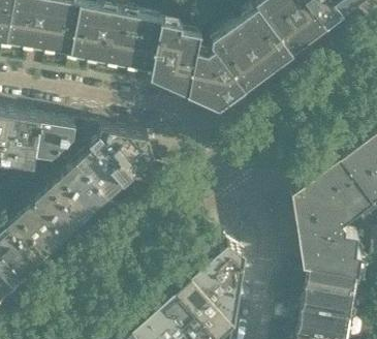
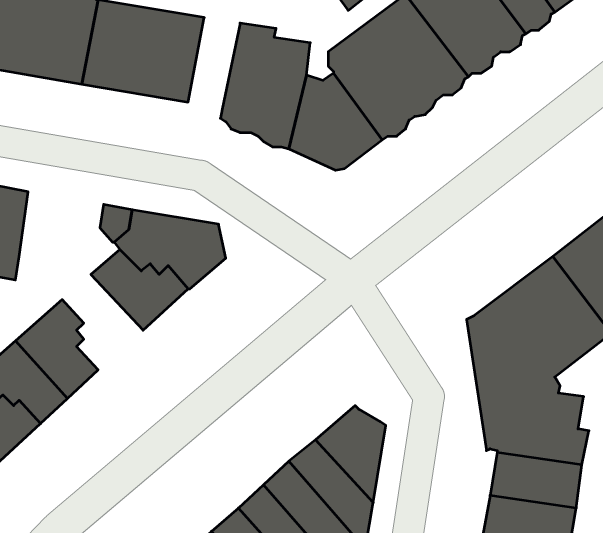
building: [133,18,163,70] -> none
building: [36,118,78,158] -> none
building: [61,165,107,220] -> none

